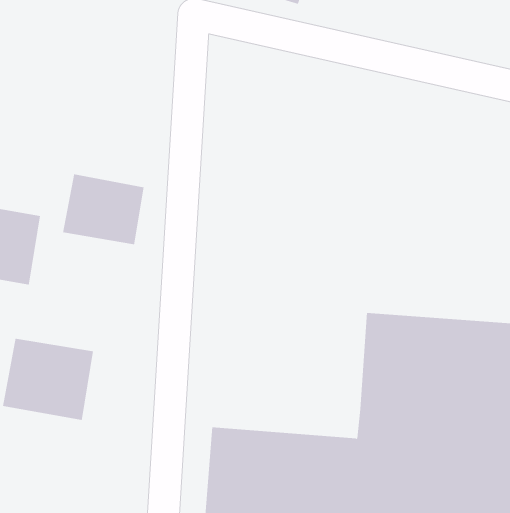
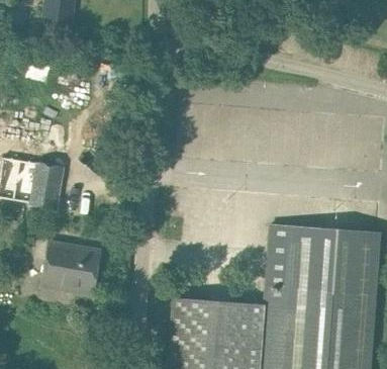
building: [63,173,144,245] -> none

